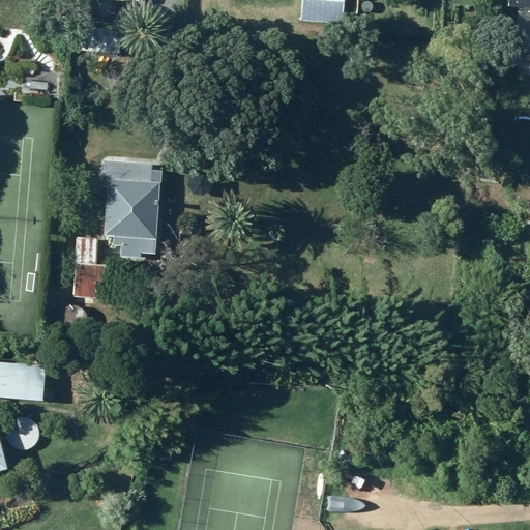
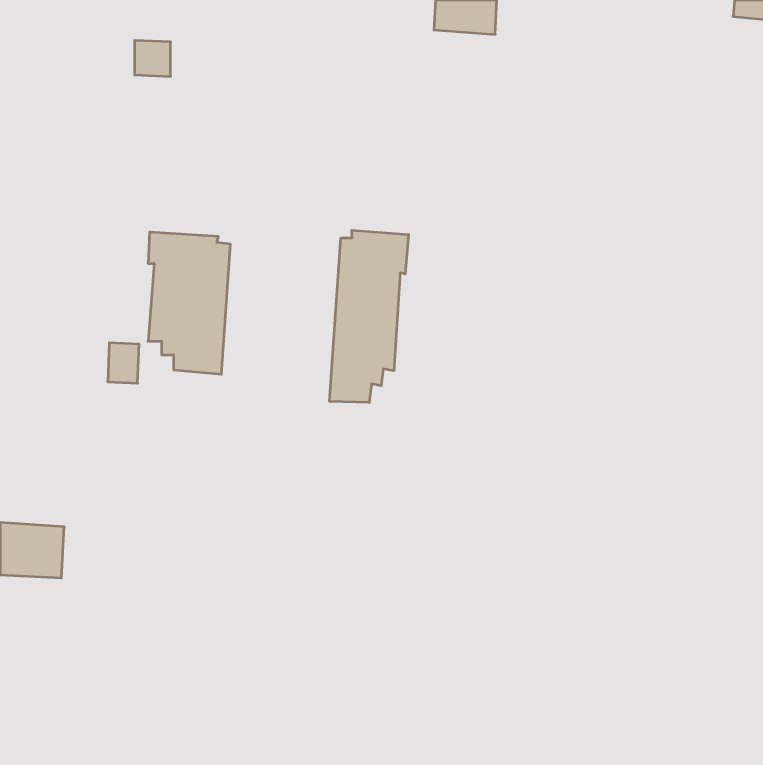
building: none -> [330,230,408,403]

